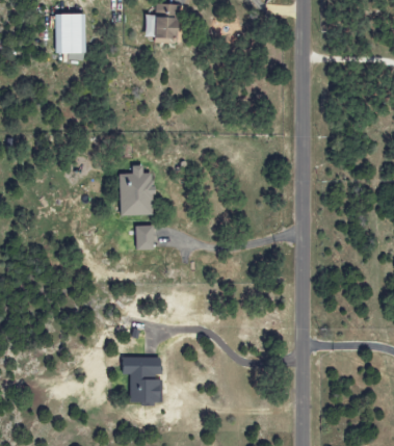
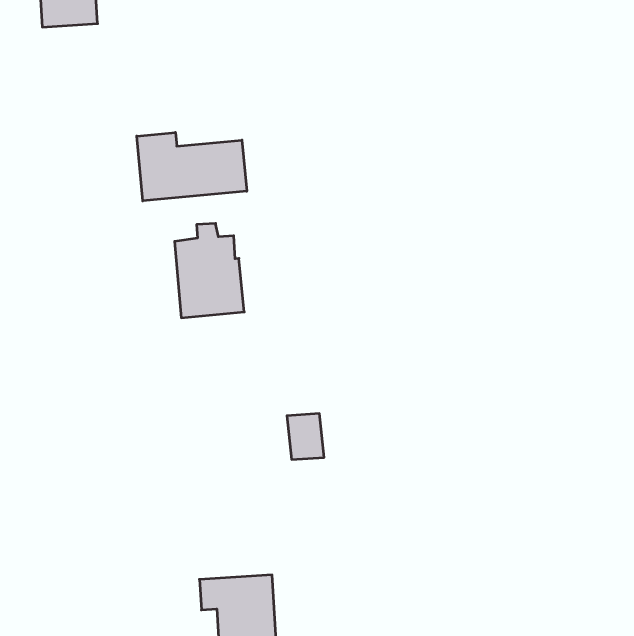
building: none -> [137,132,247,201]
building: [136,226,155,250] -> [287,414,324,459]

